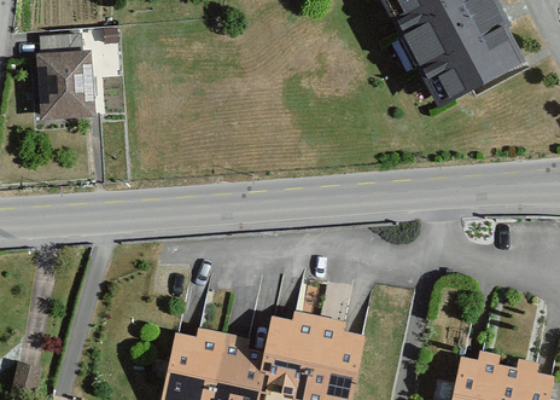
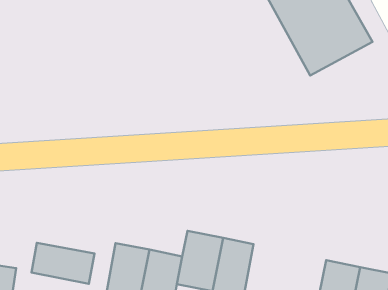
building: [37,35,93,117] -> none
building: none -> [32,243,95,284]

